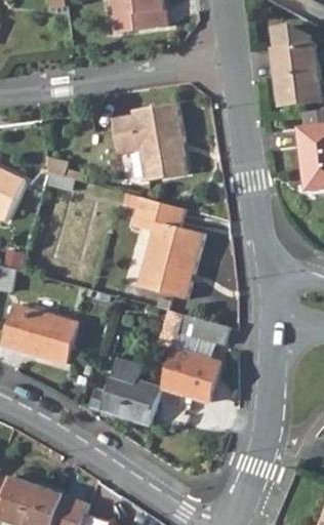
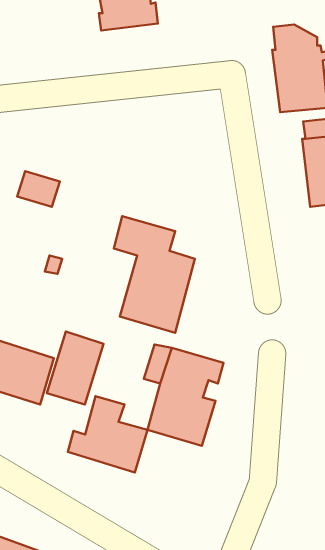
building: [112,105,185,180] -> none
building: none -> [47,332,104,405]

